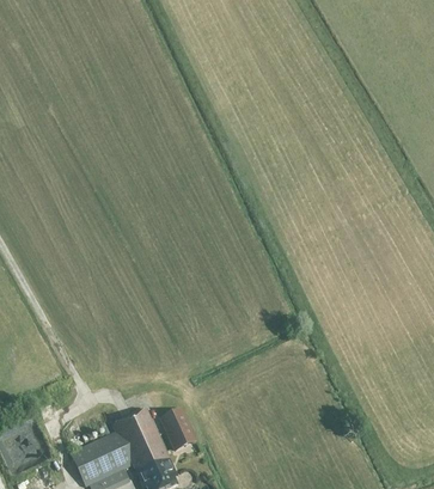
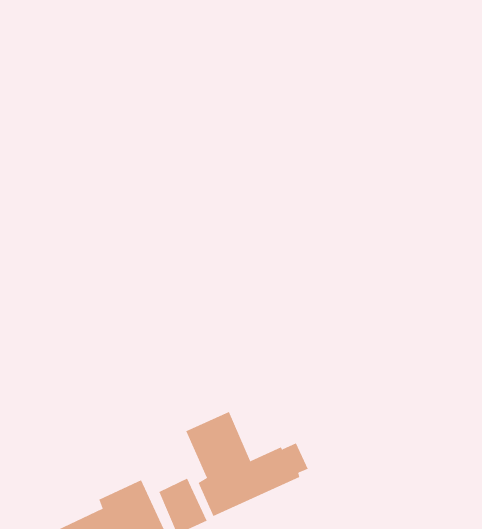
building: none -> [186,411,308,517]

